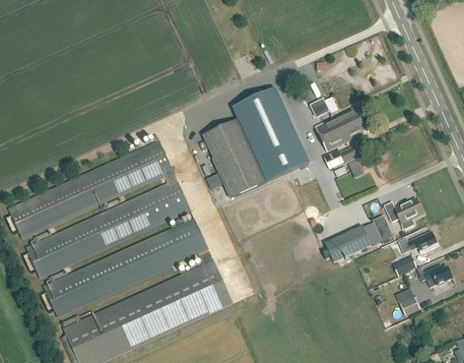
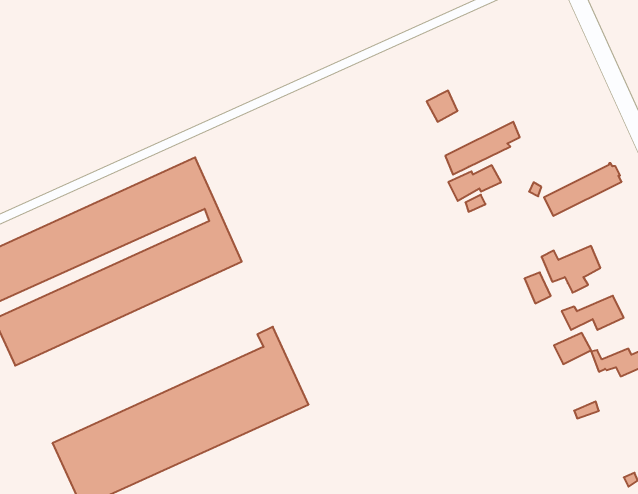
building: [203,87,309,196] -> none
building: [315,105,366,139] -> [544,163,622,216]
building: [45,218,206,315] -> none
building: [324,224,373,261] -> none

